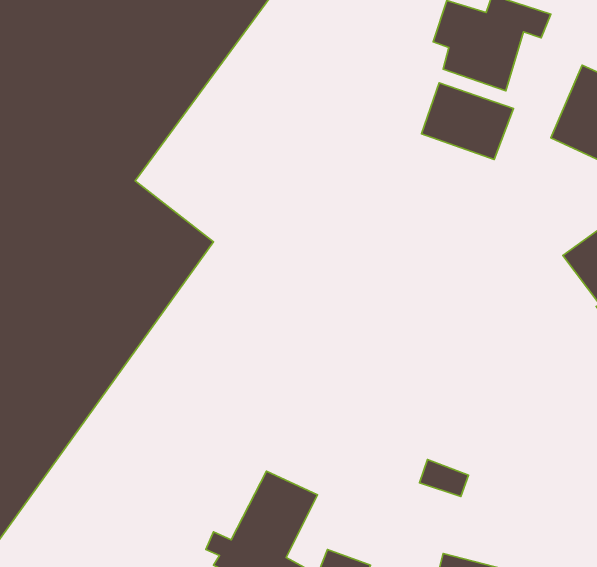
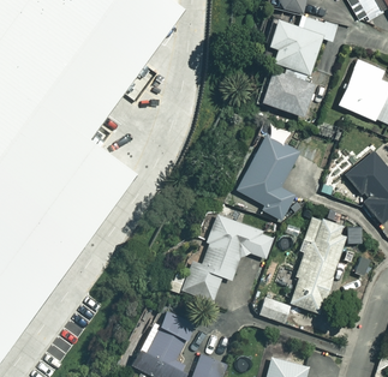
building: none -> [237,126,318,222]
building: none -> [167,211,277,304]
building: none -> [287,217,348,315]

